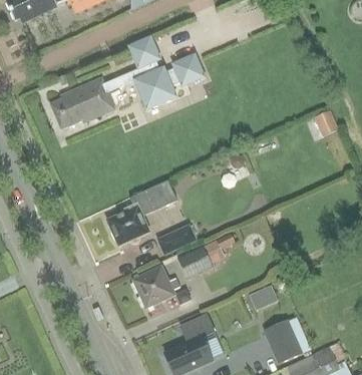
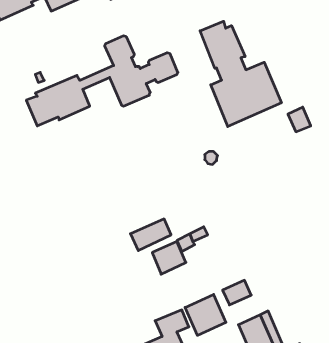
building: none -> [200,21,281,127]
building: [108,179,177,244] -> none
building: [132,265,180,308] -> none
building: none -> [185,294,226,335]

